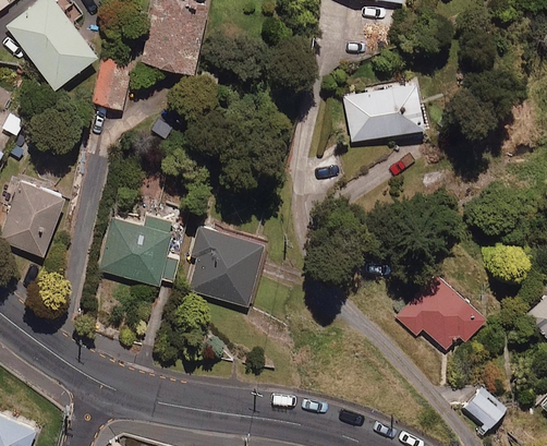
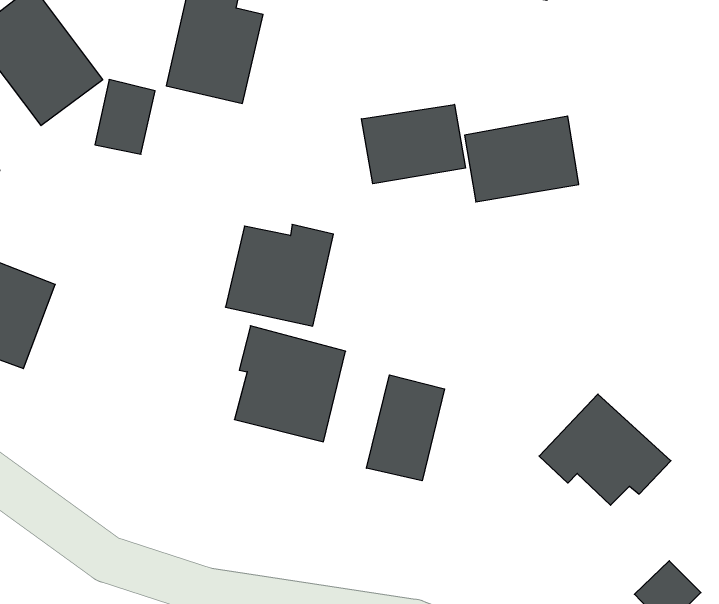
building: none -> [361,104,465,184]
building: [98,215,172,285] -> [225,224,333,326]
building: none -> [366,375,445,481]

